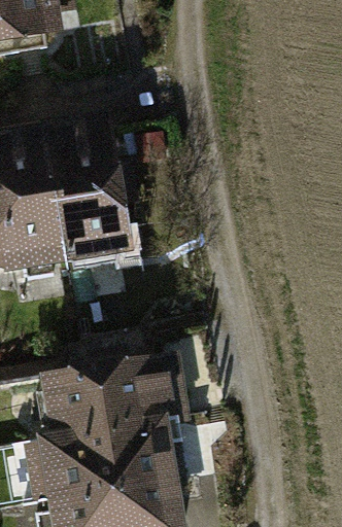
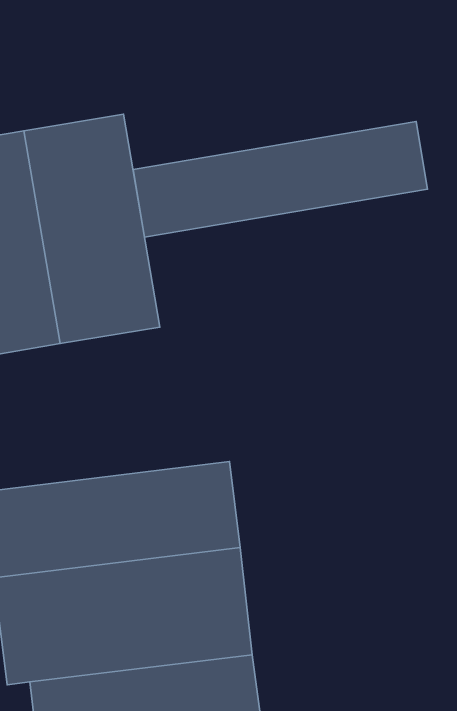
building: none -> [133,121,428,237]

